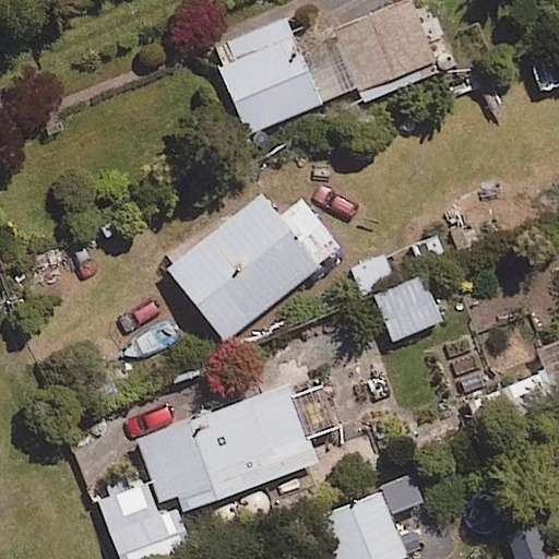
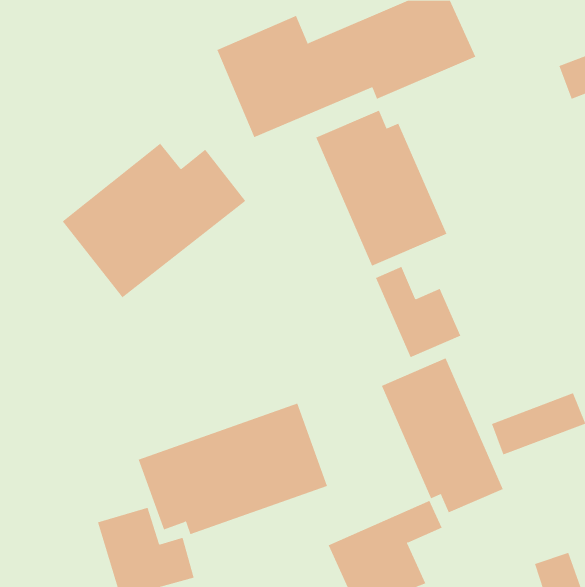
building: none -> [316,110,447,266]
building: [167,195,341,342] -> [62,143,246,298]
building: none -> [381,358,503,513]

